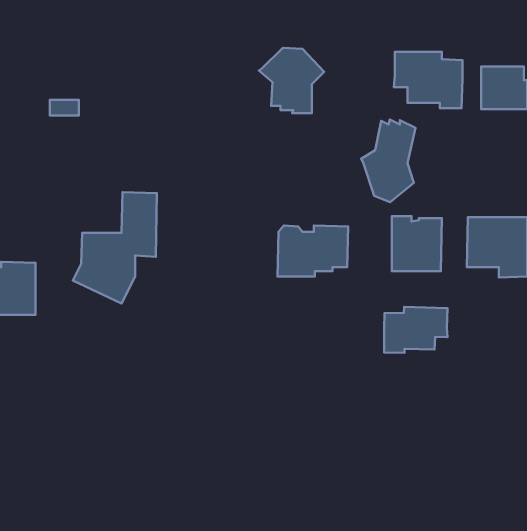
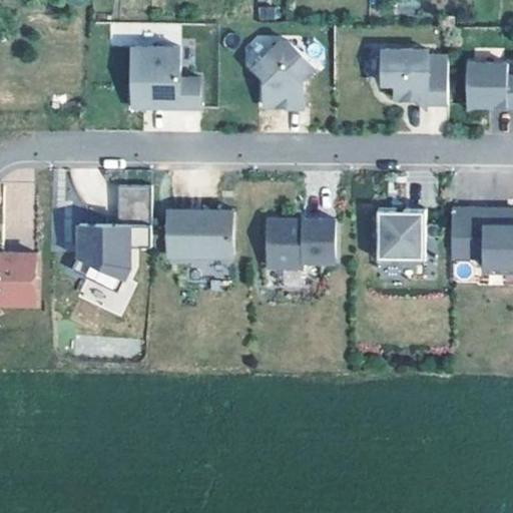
building: none -> [131,48,198,109]
building: [361,120,416,202] -> none
building: none -> [166,210,232,259]
building: [384,307,448,353] -> none

